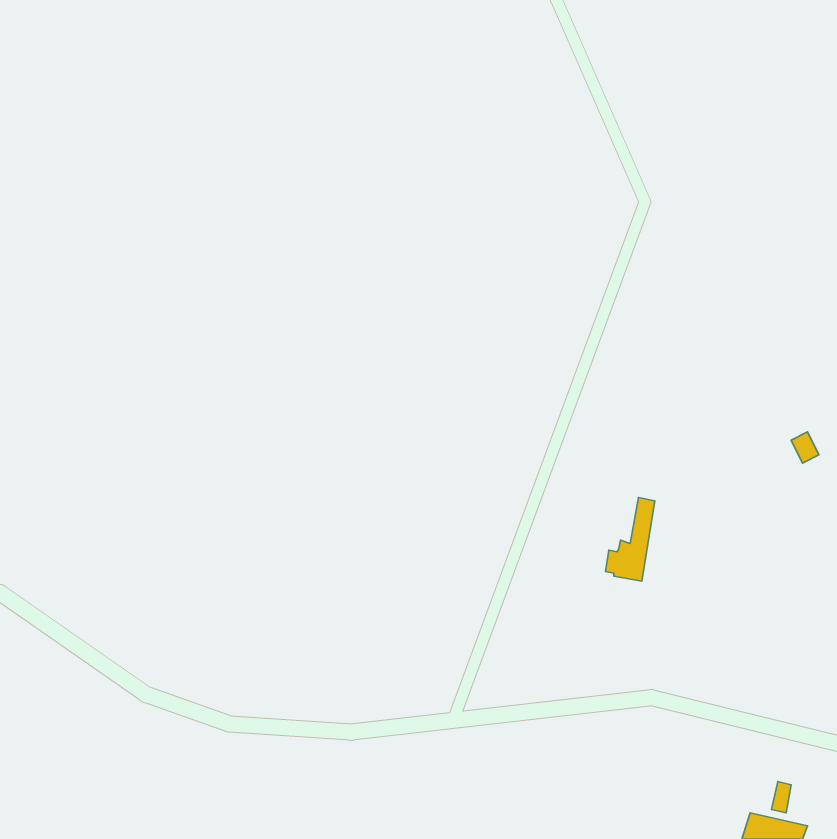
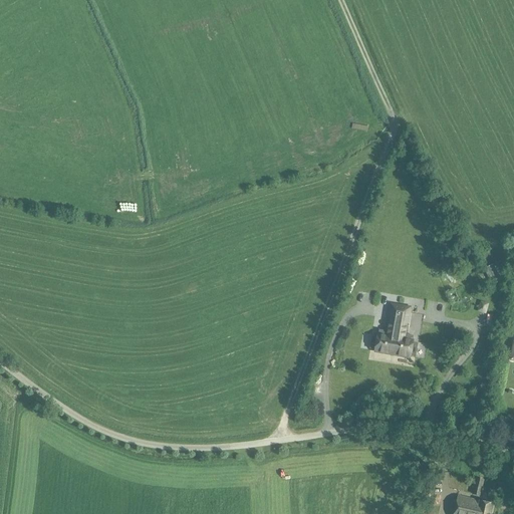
building: none -> [394,306,419,358]

